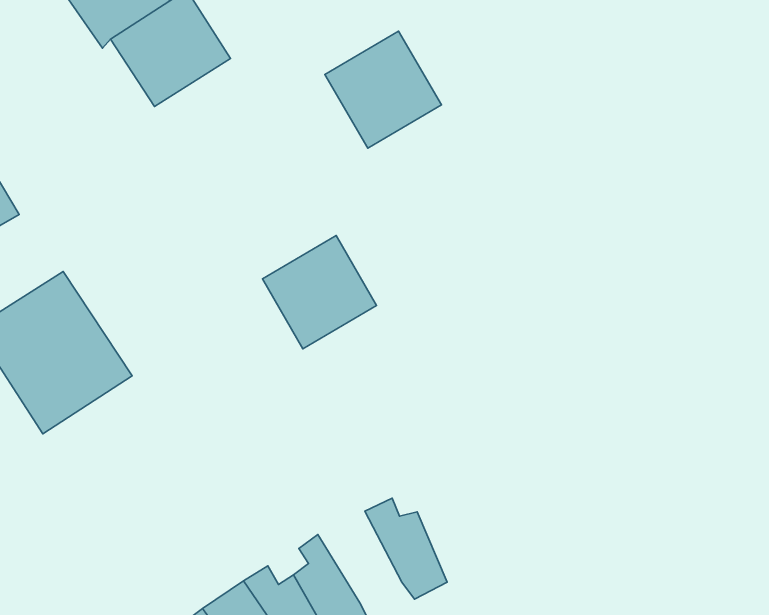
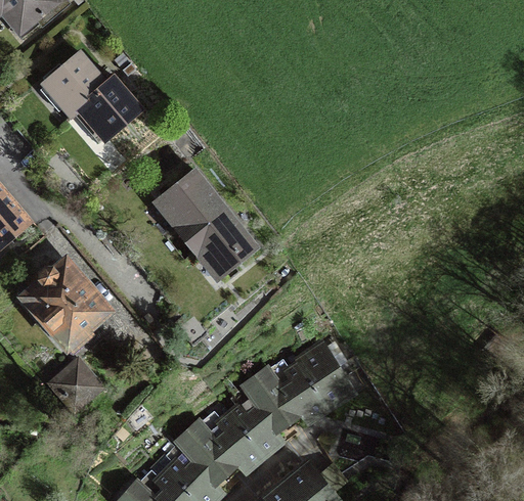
building: [325,31,442,148] -> [151,165,225,238]
building: none -> [52,363,98,408]
building: none -> [293,341,349,406]
building: none -> [241,370,296,426]

